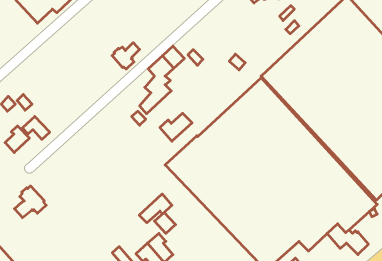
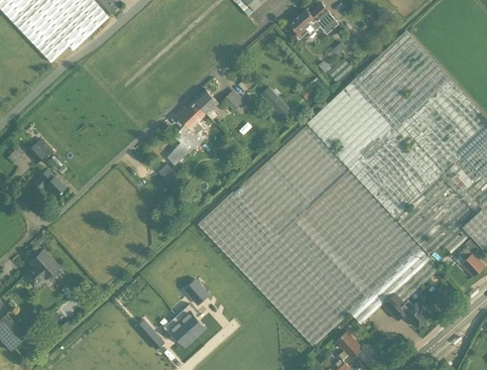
building: [112,43,140,69] -> none
building: [160,113,192,141] -> none
building: [5,126,29,153] -> none
building: [139,194,172,223] -> none

